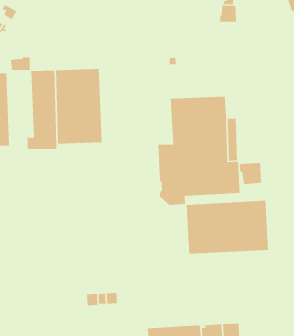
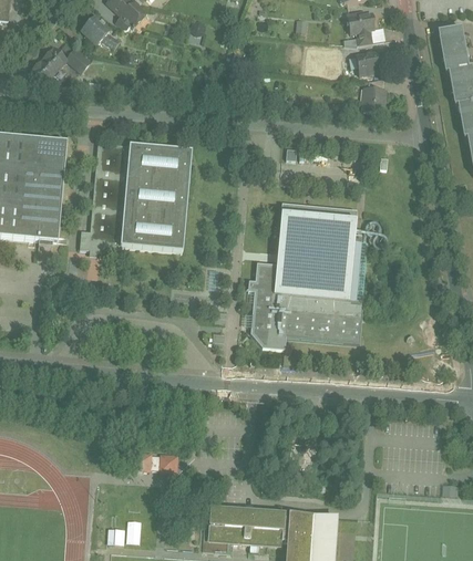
building: [10,57,31,71] -> none
building: [239,162,262,185] -> none
building: [186,200,269,254] -> none

